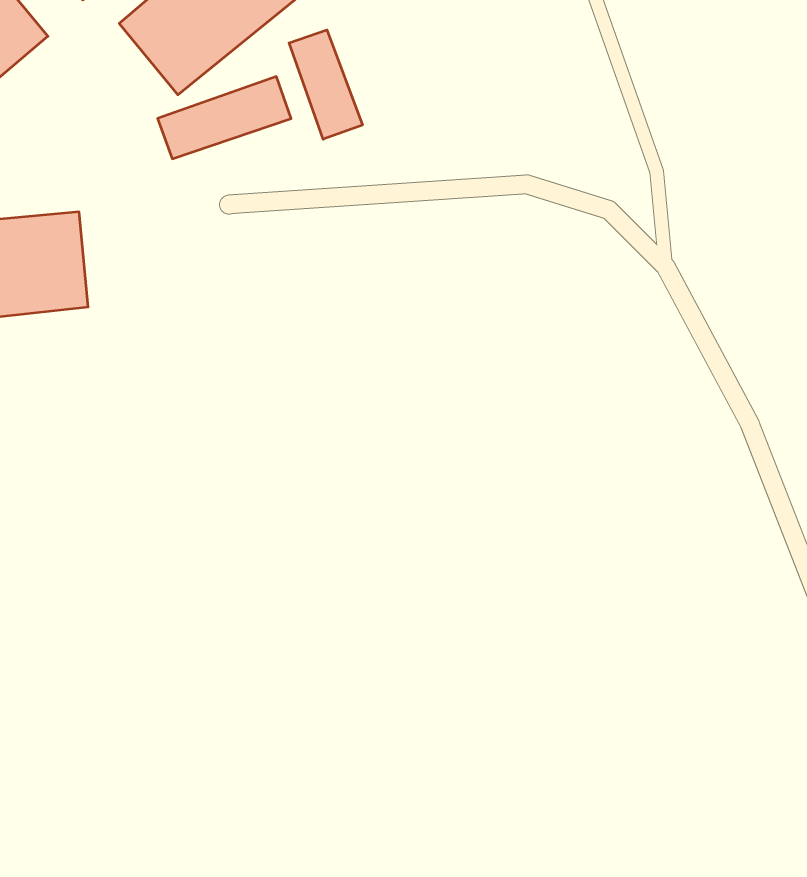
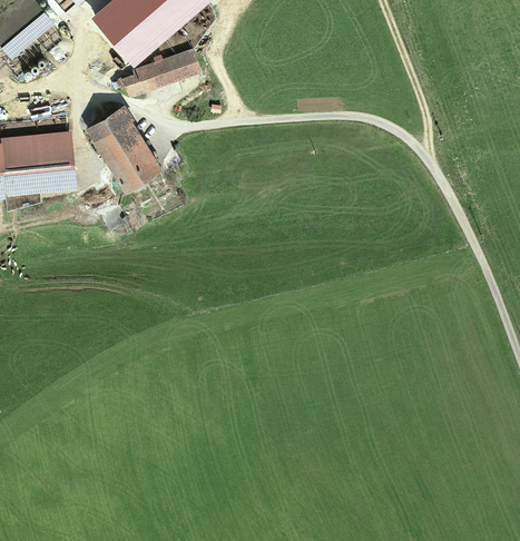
building: [289,30,362,139] -> none
building: none -> [86,109,161,193]

